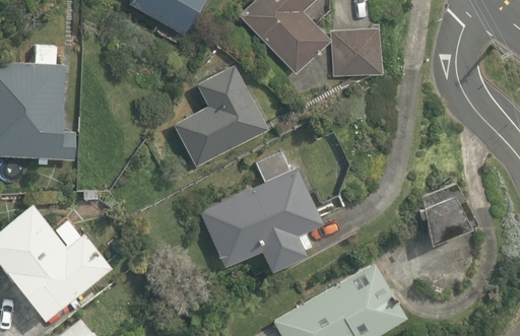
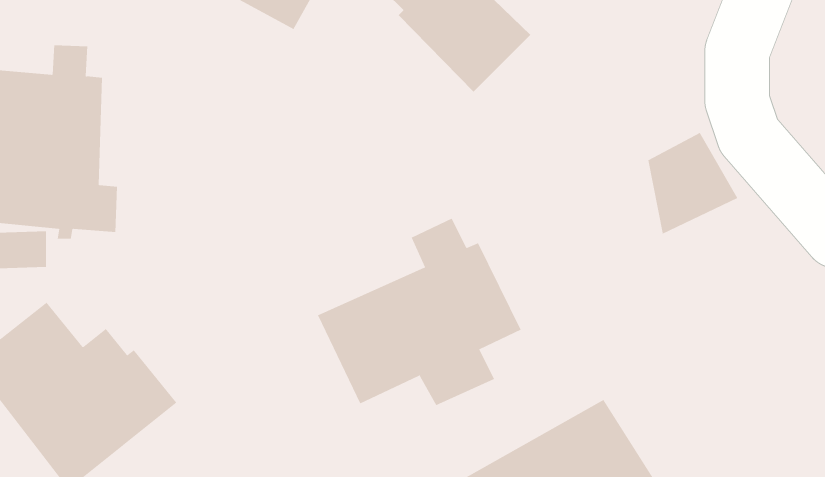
building: [329,26,383,78] -> none
building: [172,63,269,167] -> none
building: [422,181,478,244] -> [647,132,738,234]

